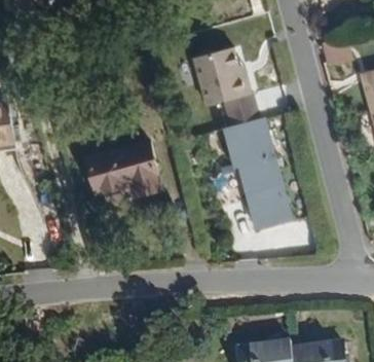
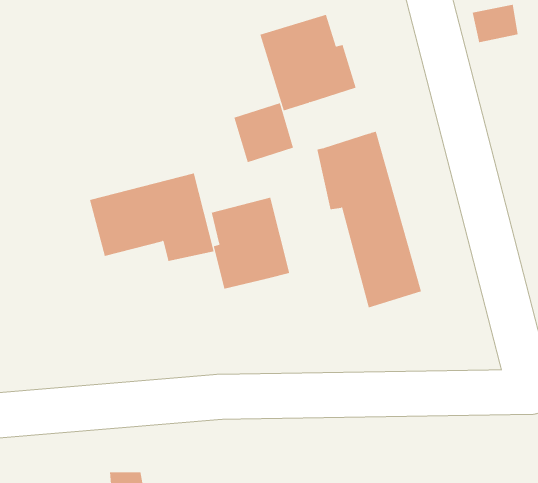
building: [222,89,259,126] -> [234,103,294,163]
building: none -> [211,197,290,289]

